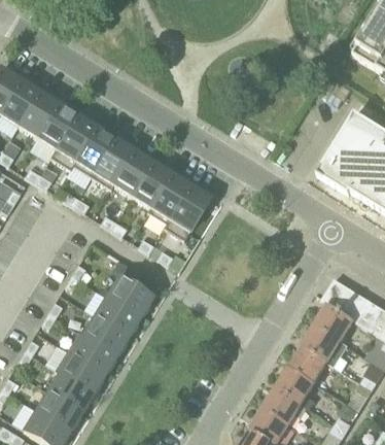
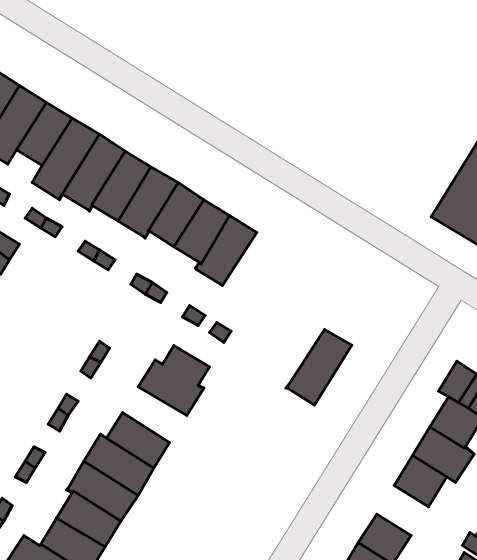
building: [163,183,210,238] -> [286,330,352,405]
building: [94,295,140,335] -> none
building: [277,366,314,402] -> none

